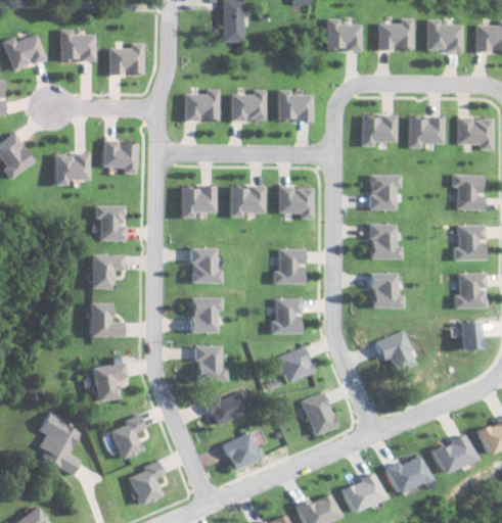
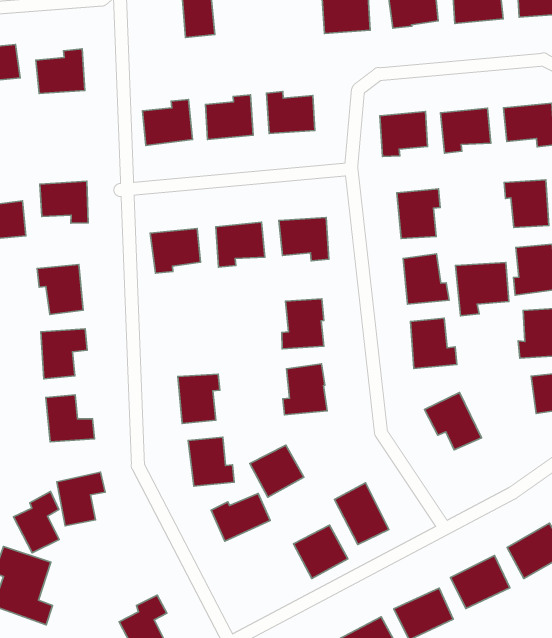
building: none -> [456,263,509,316]
building: [190,248,223,284] -> none
building: [277,346,317,384] -> [250,445,304,497]
building: [110,415,145,460] -> [14,491,59,553]
building: [224,432,264,471] -> [293,525,348,578]

